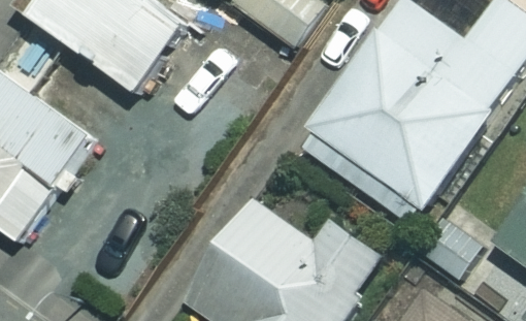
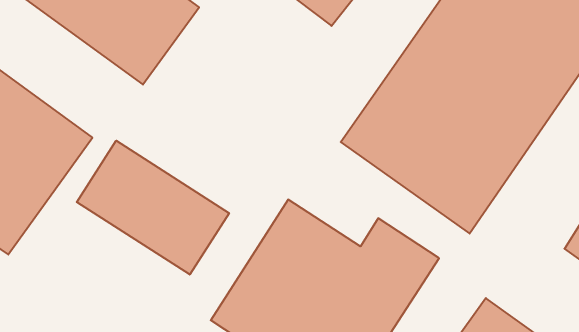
building: none -> [77,141,229,275]

